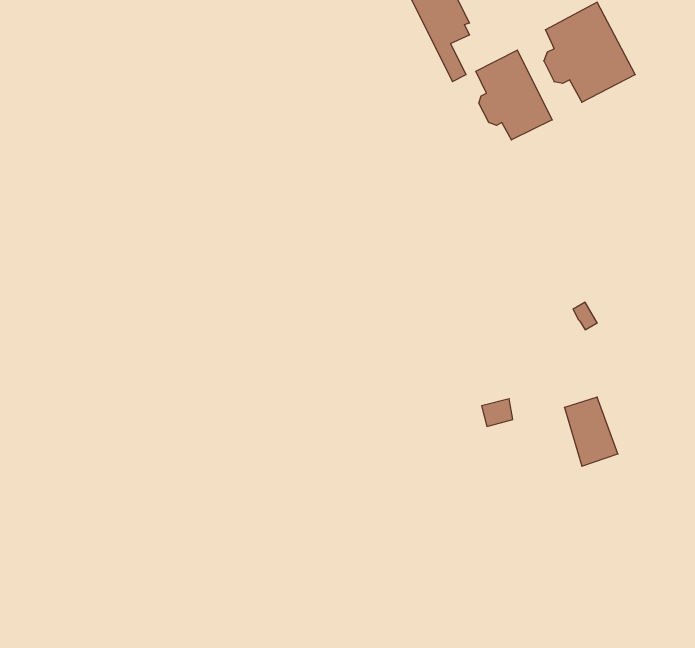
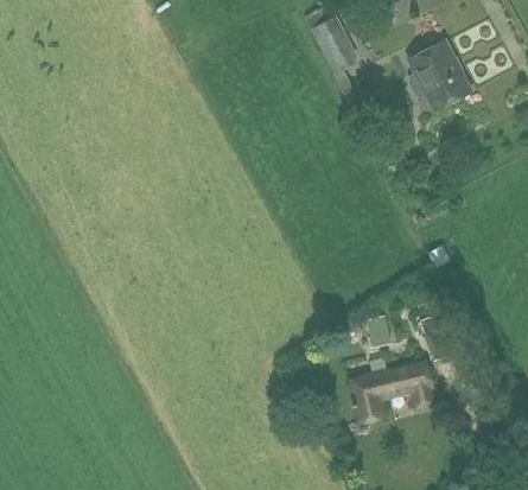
building: [476,50,552,140] -> none
building: none -> [351,363,434,422]

